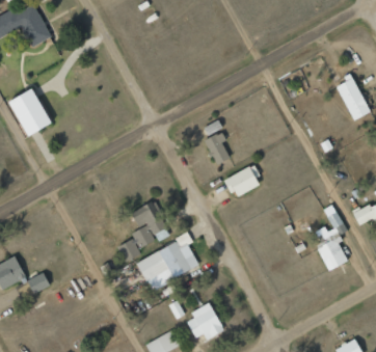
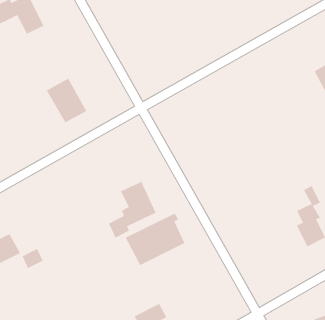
building: [8,88,52,136] -> [46,78,87,123]
building: [205,133,231,165] -> none
building: [225,165,262,198] -> none
building: [188,303,223,340] -> none

